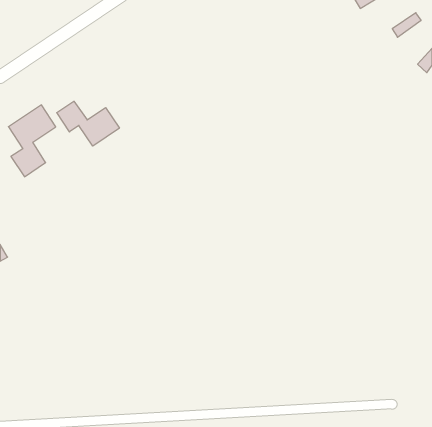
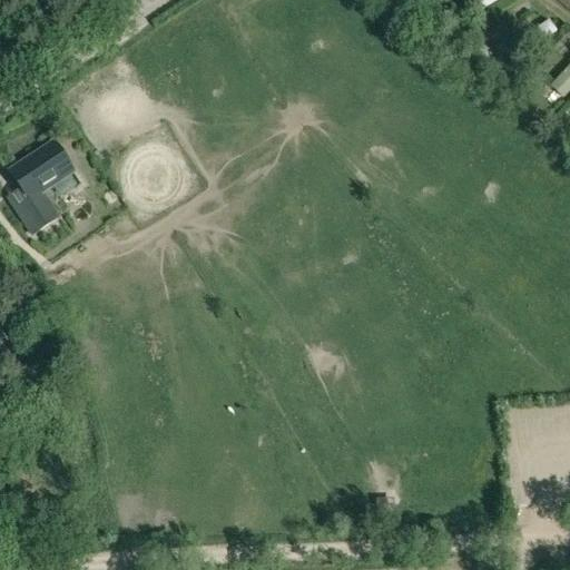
building: [57,101,119,146] -> none

